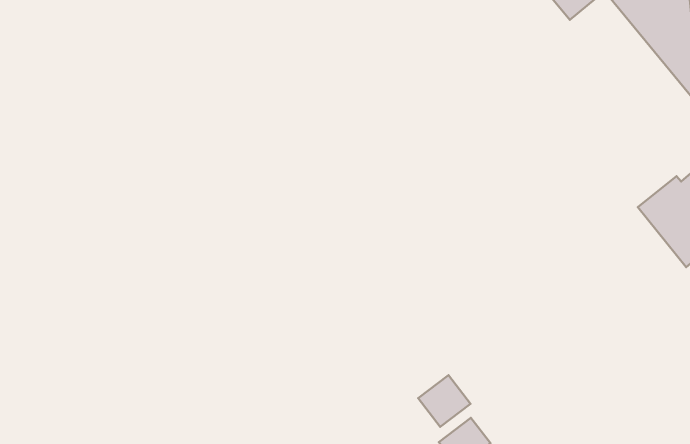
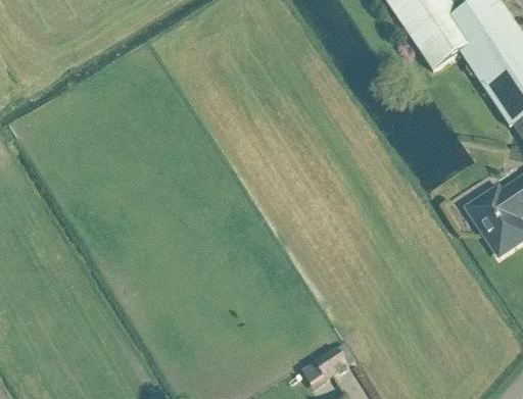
building: [418,375,470,427] -> none

